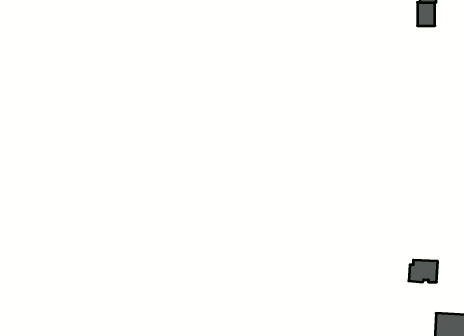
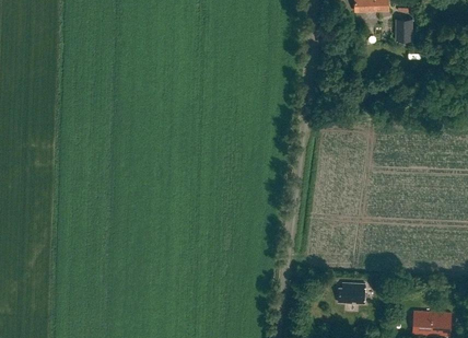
building: [409,260,438,282] -> [338,284,365,305]

